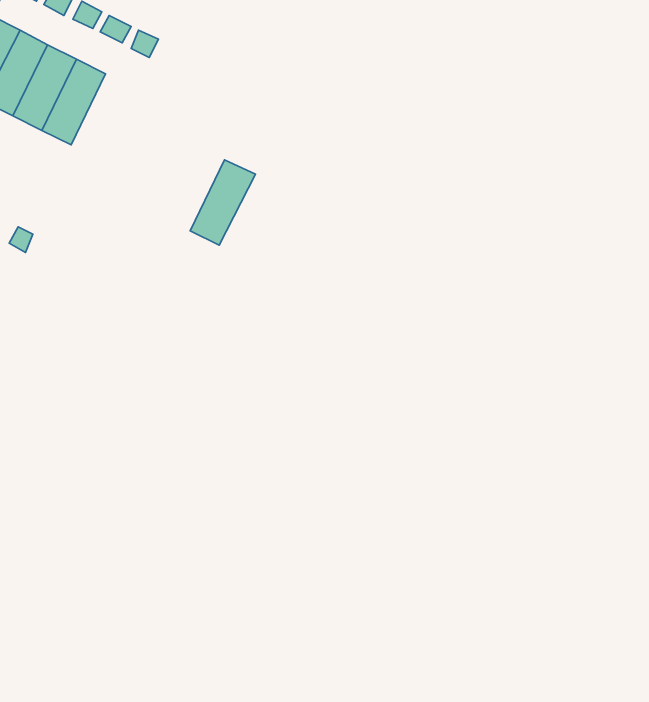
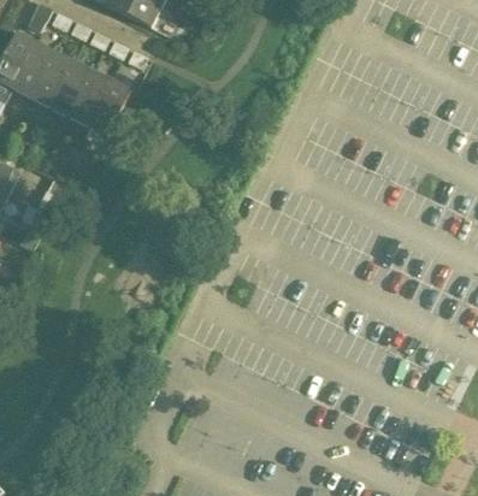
building: [190,160,256,245] -> [88,79,131,136]

